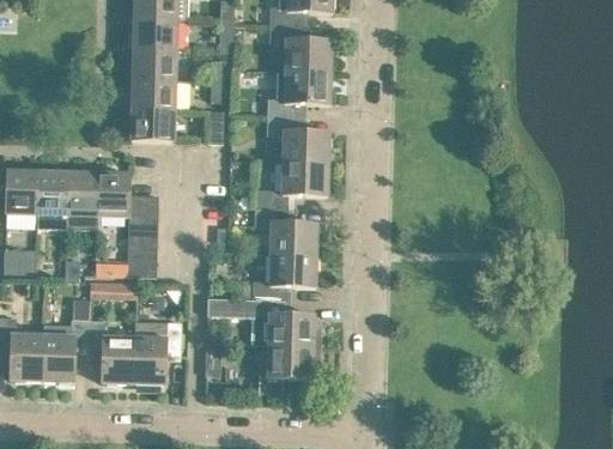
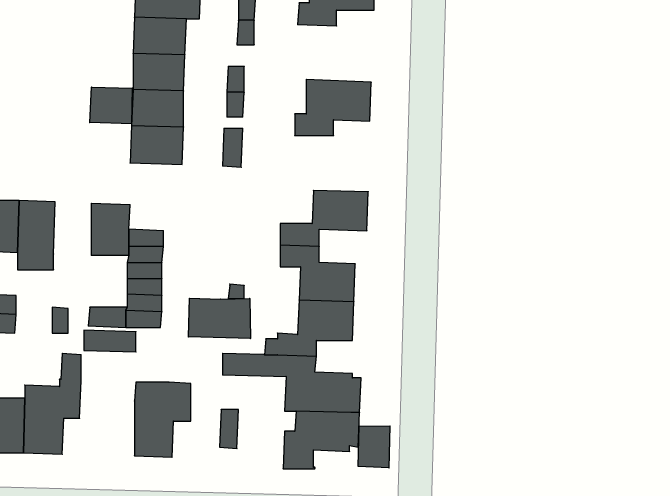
building: [268,24,330,72] -> none
building: none -> [90,87,132,124]
building: [266,116,328,163] -> none
building: [66,171,97,229] -> none
building: none -> [188,298,250,339]
building: [87,320,133,382] -> none
building: none -> [358,426,390,468]

